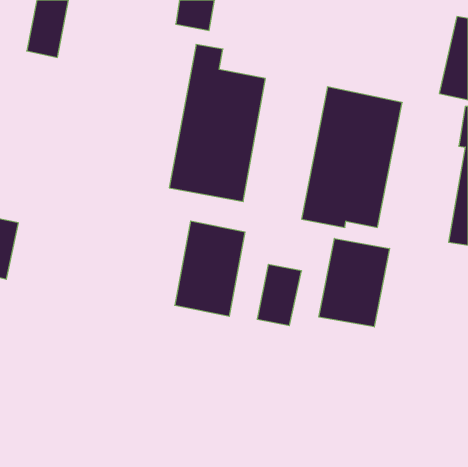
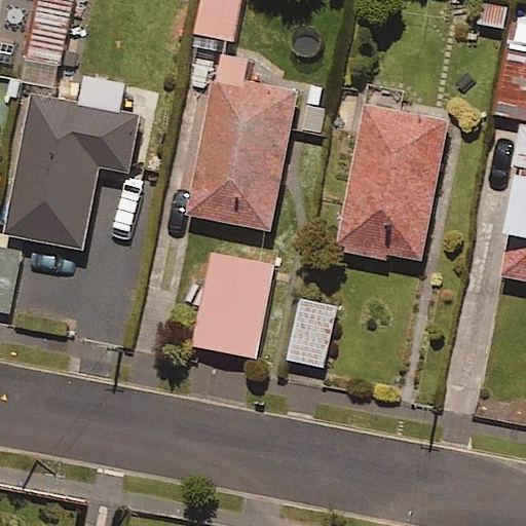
building: none -> [4,85,138,250]
building: [319,238,390,327] -> none

